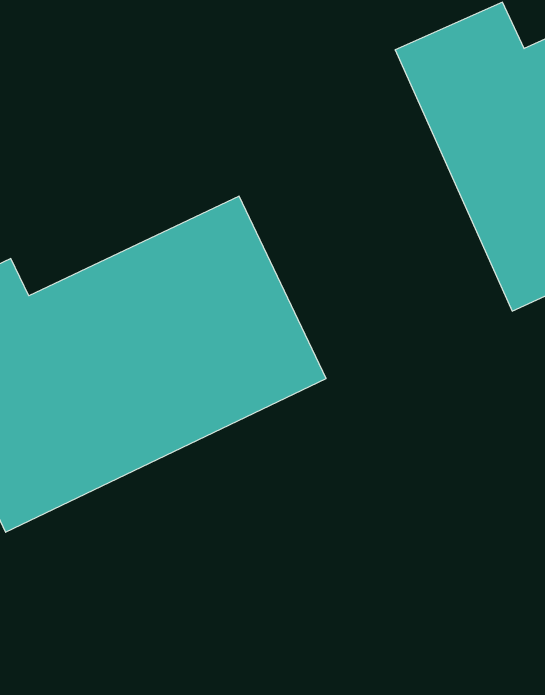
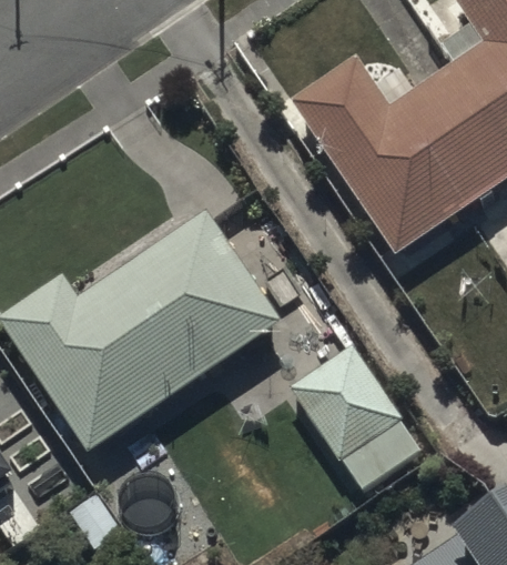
building: none -> [283,342,419,488]

